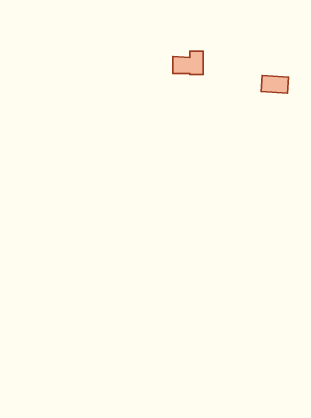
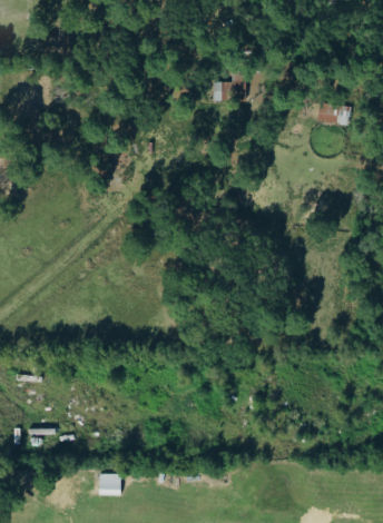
building: none -> [98,473,120,494]

